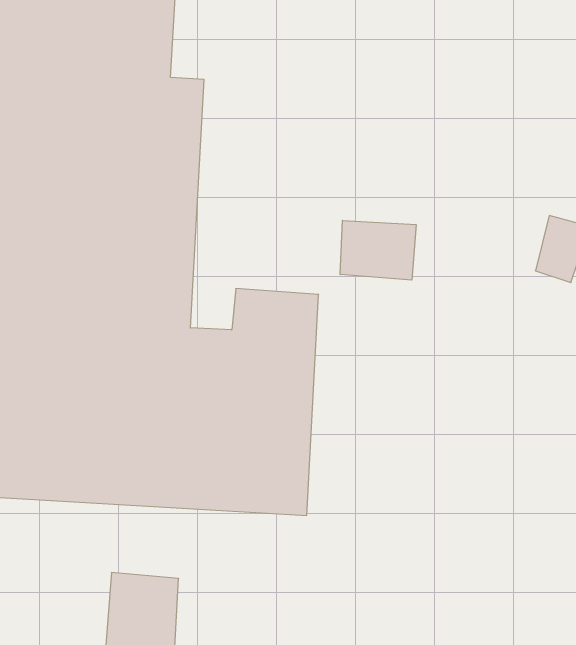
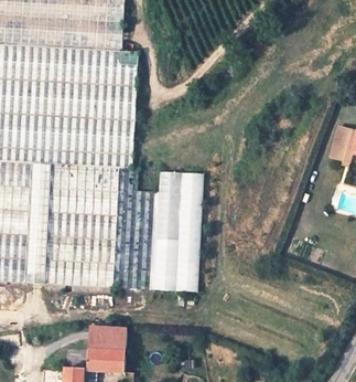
building: [340,220,416,280] -> none

